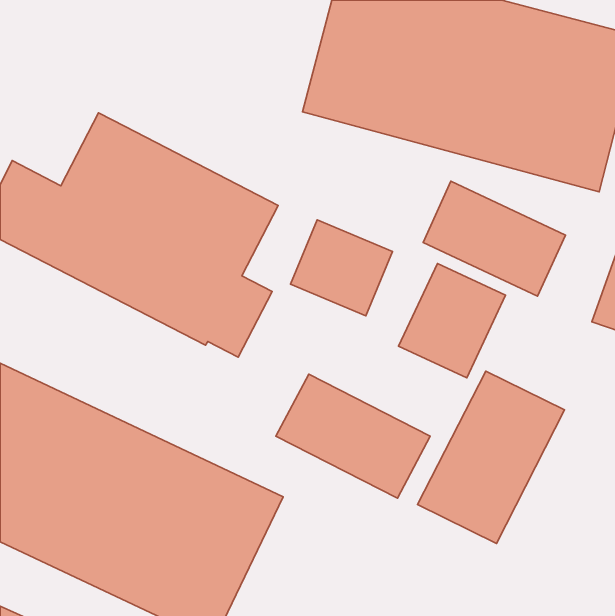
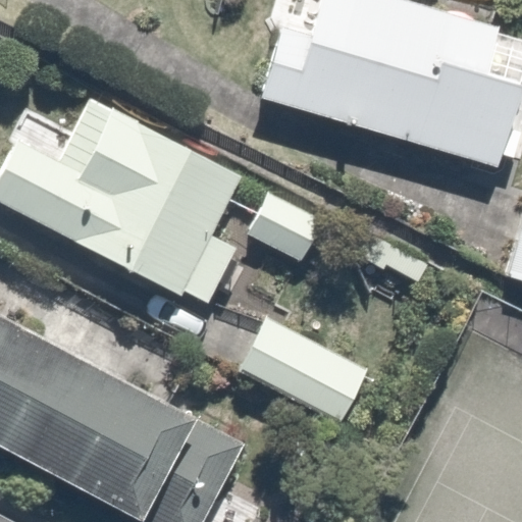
building: [423,181,565,296] -> none
building: [418,371,565,543] -> none

